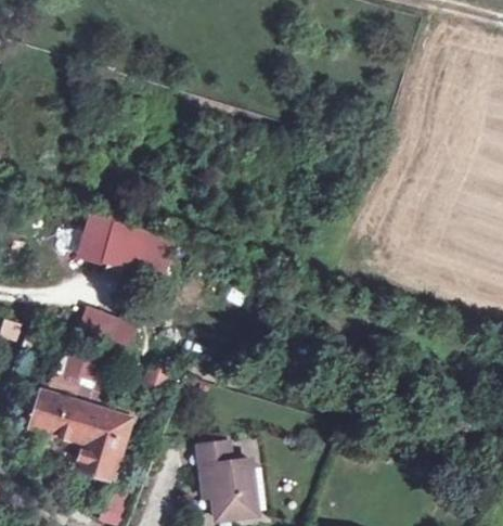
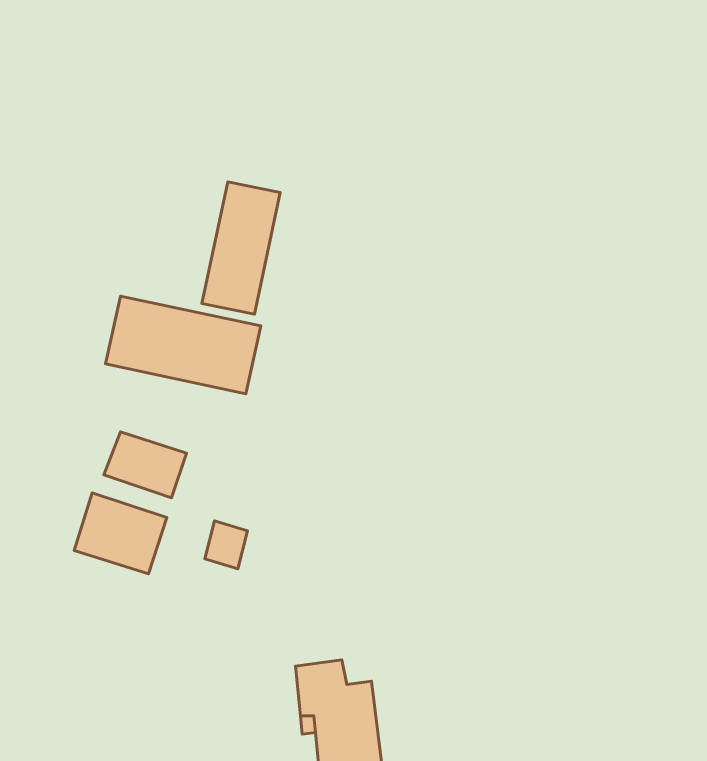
building: none -> [202,182,280,314]
building: [33,389,130,477] -> none

